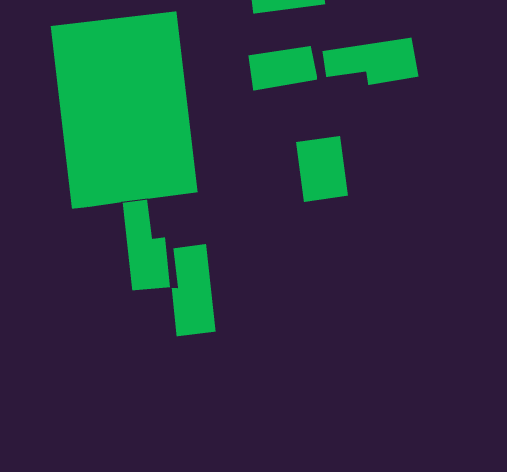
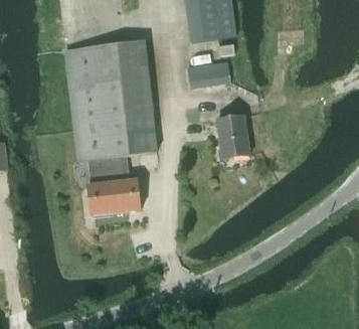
building: [322,37,419,86] -> none
building: [171,243,217,337] -> [87,157,116,214]

